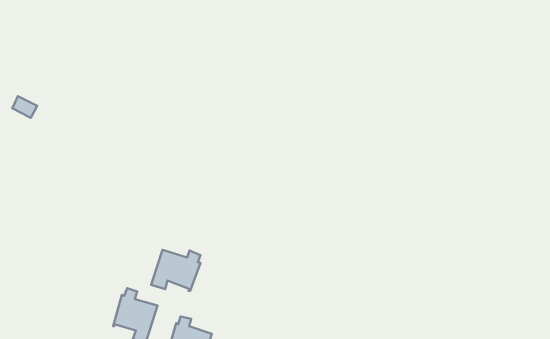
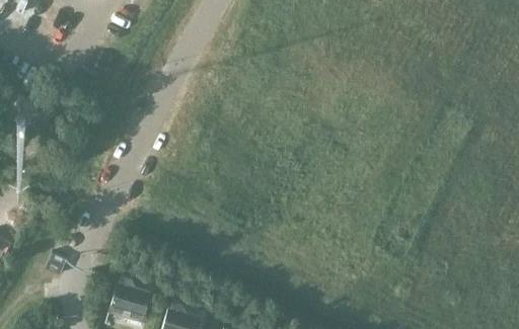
building: [151,250,200,291] -> none

